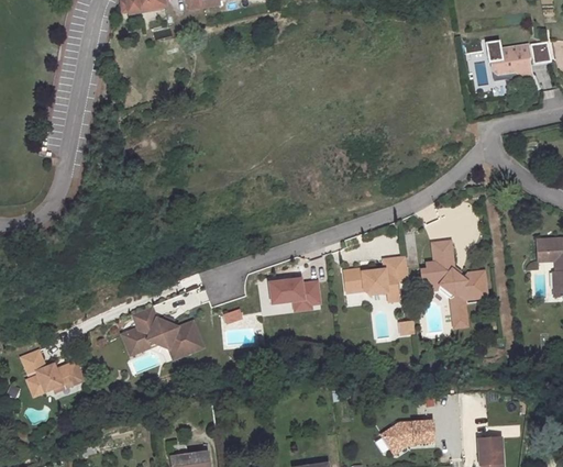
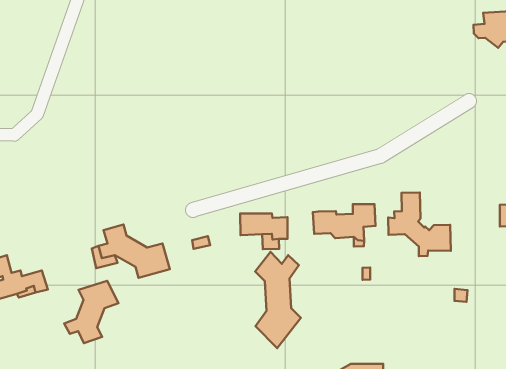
building: [424,283,470,326] -> none
building: none -> [255,252,301,348]
building: none -> [64,281,119,343]

